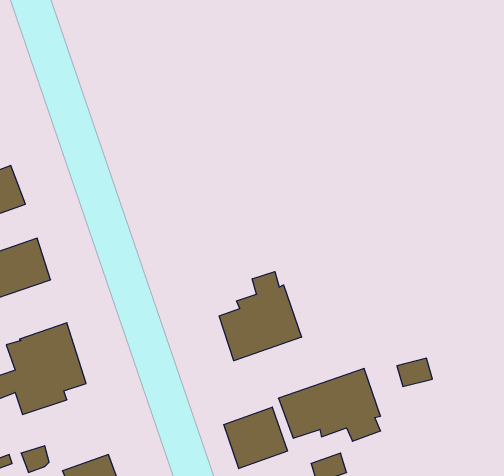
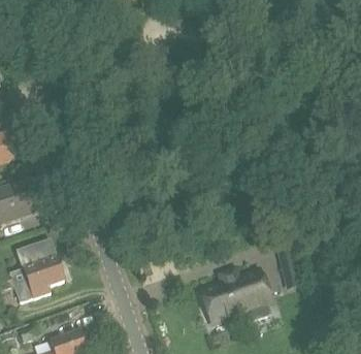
building: [219,272,302,361] -> none
building: [224,407,287,469] -> none

